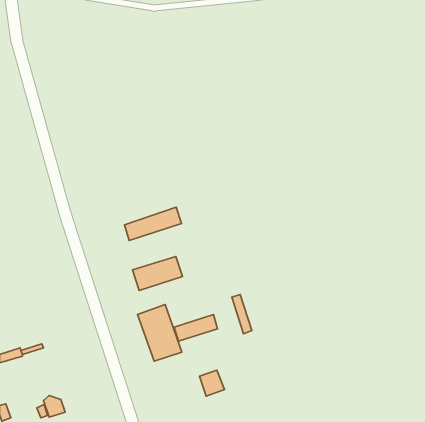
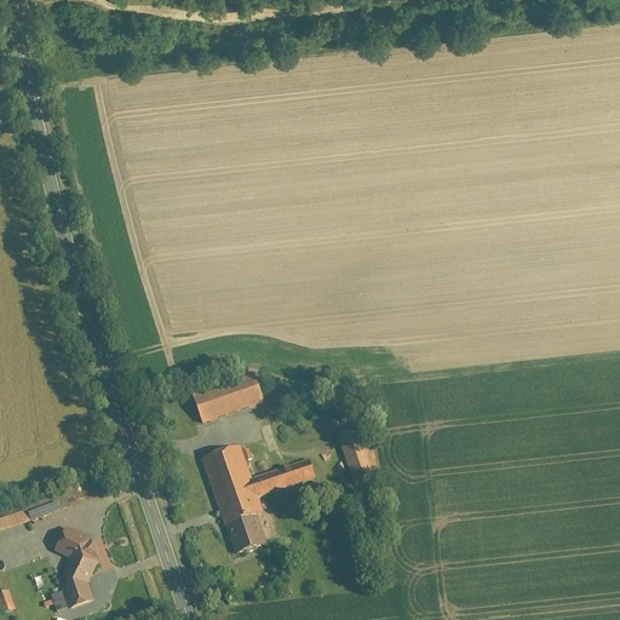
building: [124,207,182,240] -> none
building: none -> [56,526,99,581]
building: [199,370,224,396] -> [228,517,264,555]

